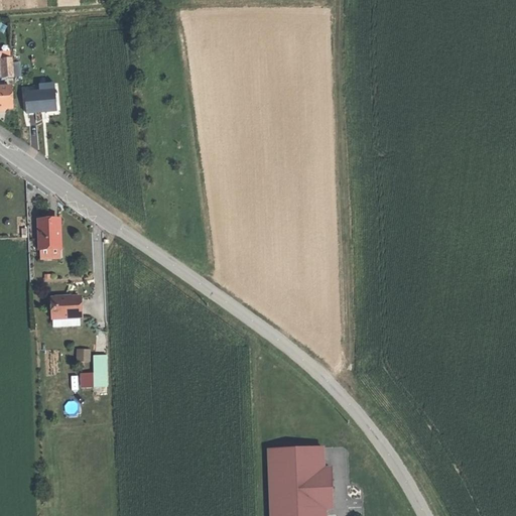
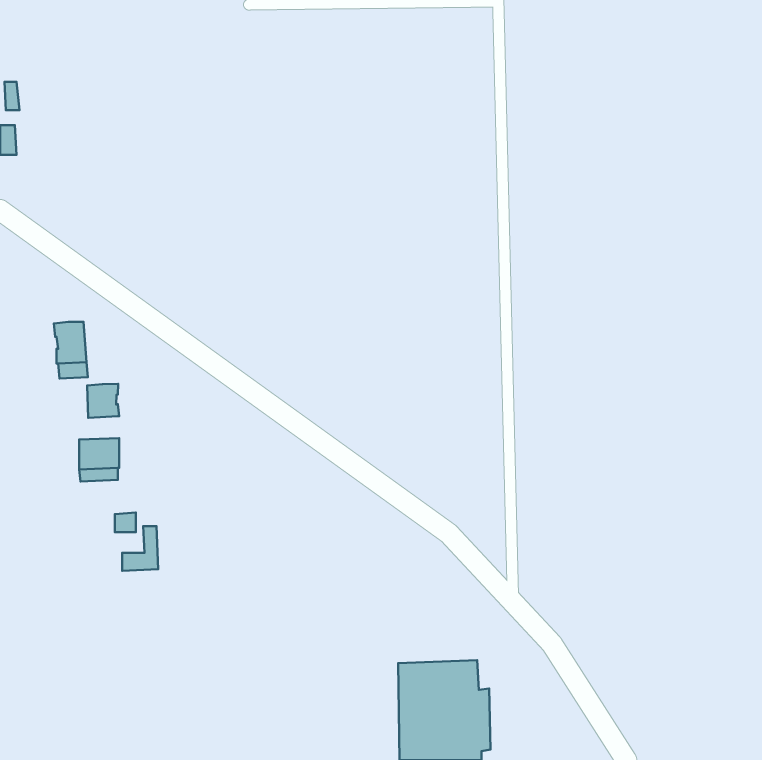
building: [24,89,55,111] -> none
building: none -> [87,384,119,418]

